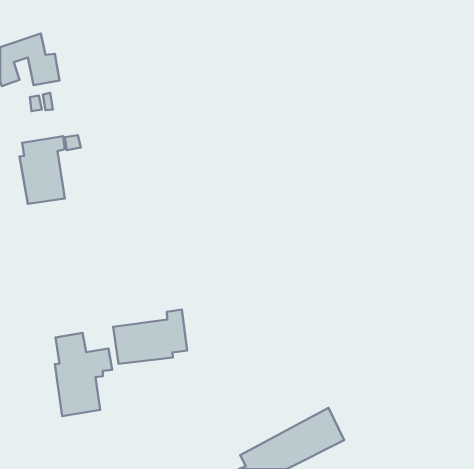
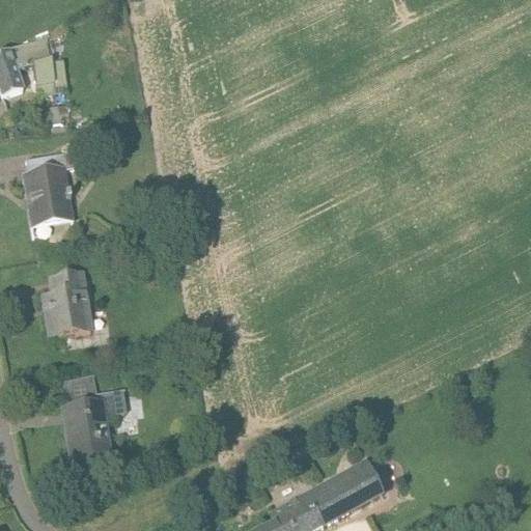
building: none -> [43,274,91,337]
building: [113,309,187,364] -> none

